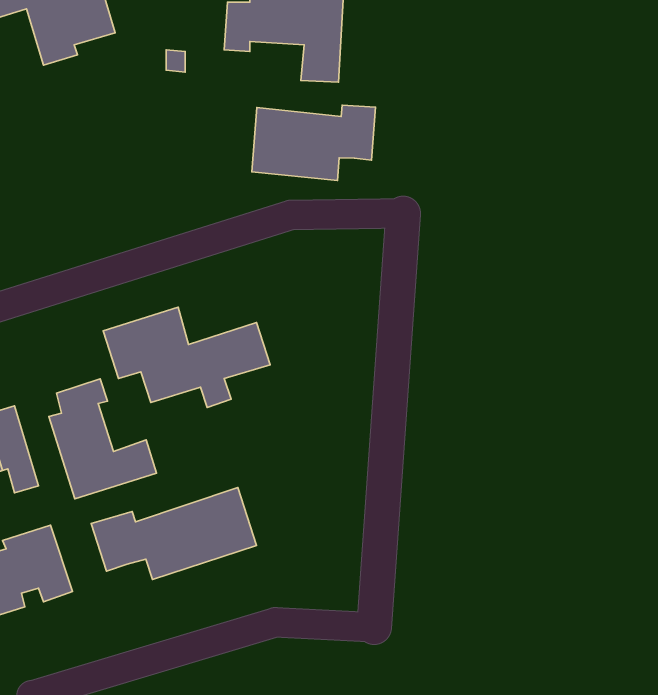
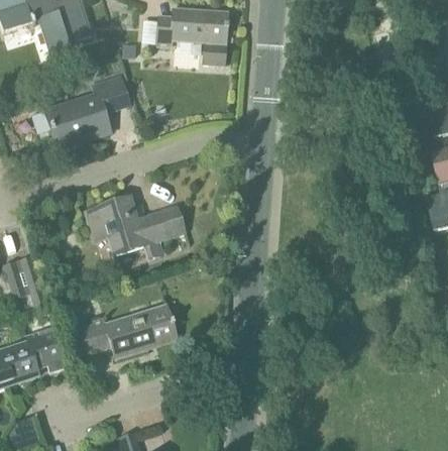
building: none -> [46,76,129,147]
building: [252,105,376,181] -> none
building: [49,379,156,499] -> none

